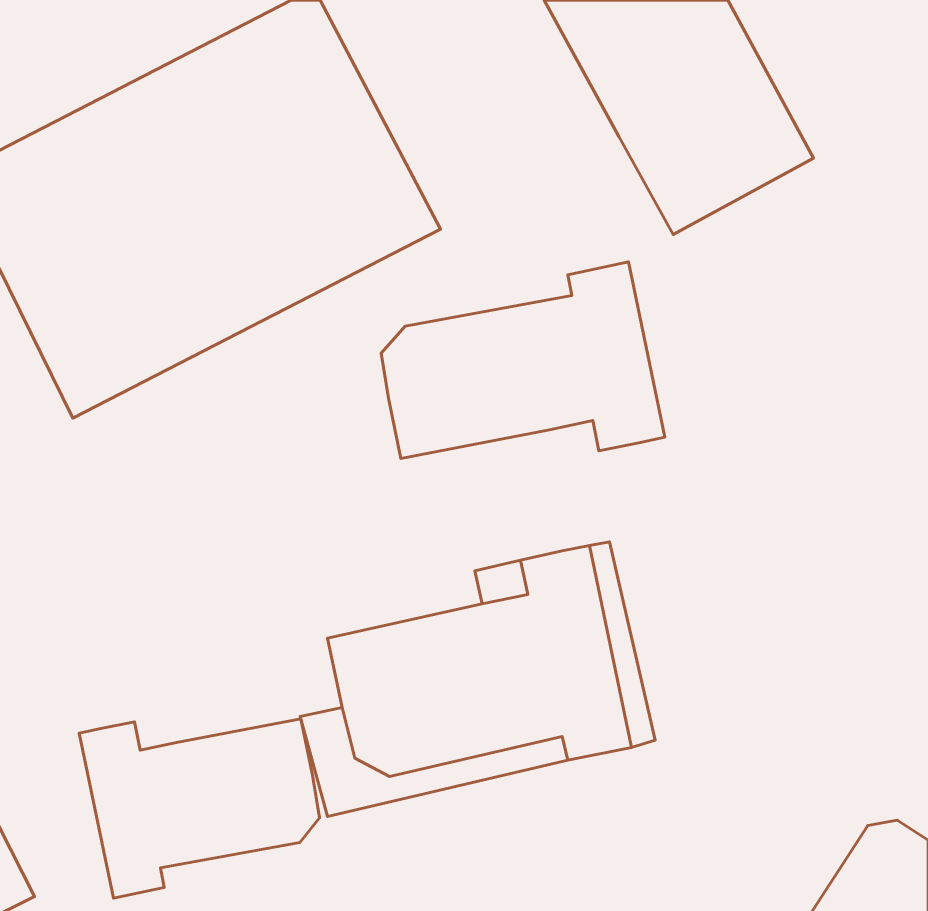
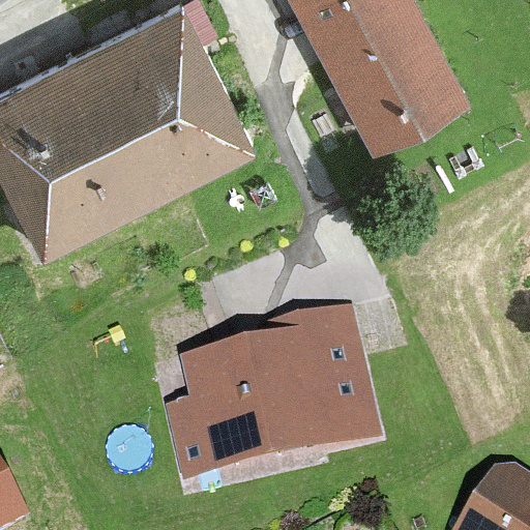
building: [381,262,665,458] -> none
building: [79,719,319,898] -> none

